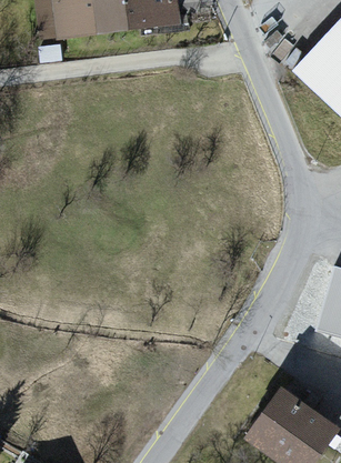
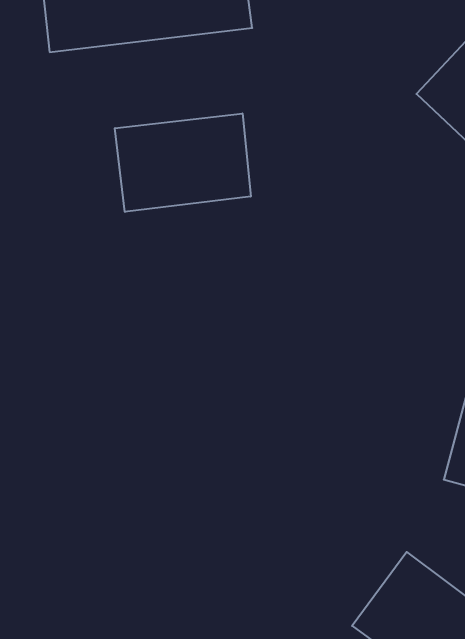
building: none -> [115,113,251,212]

